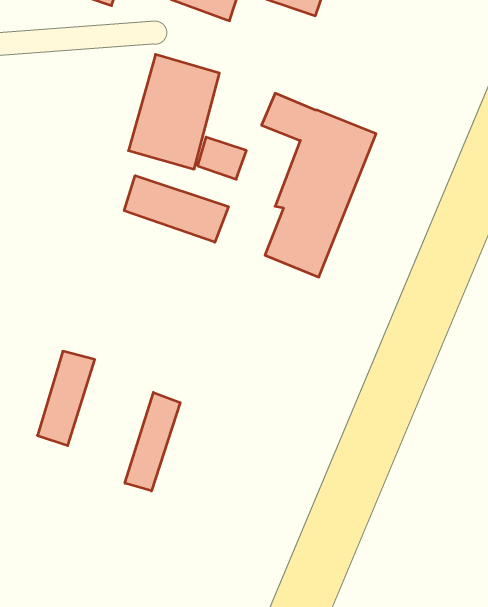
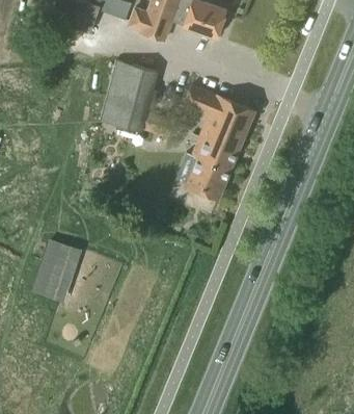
building: [124,176,228,242] -> none
building: [125,392,180,491] -> none

